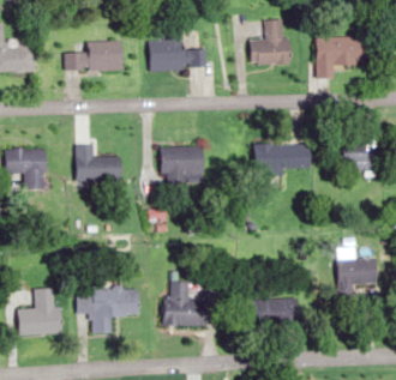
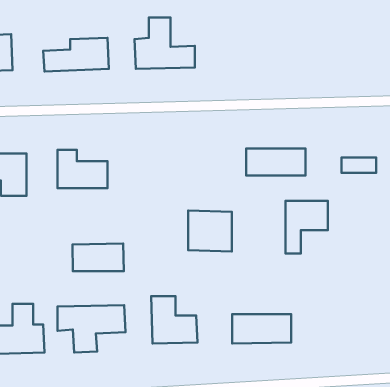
building: [250,19,289,64] -> none
building: [314,36,364,78] -> none
building: [163,146,204,185] -> [188,210,232,252]
building: none -> [72,243,124,271]
building: [335,258,374,307] -> [285,201,328,253]

